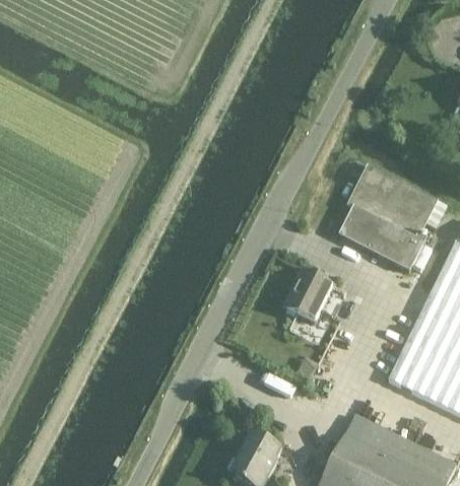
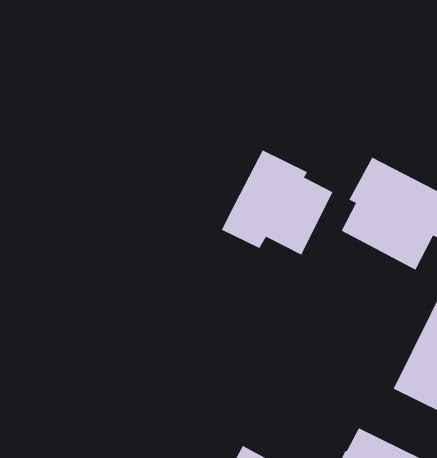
building: none -> [221,149,333,255]
building: [283,270,331,321] -> none

